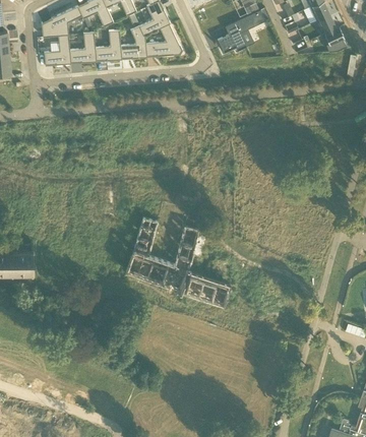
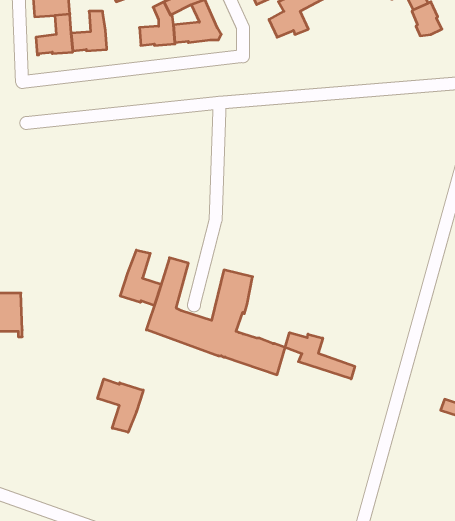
building: [94,29,120,60] -> none
building: none -> [120,250,161,305]
building: none -> [285,333,355,379]
building: none -> [98,379,143,432]

